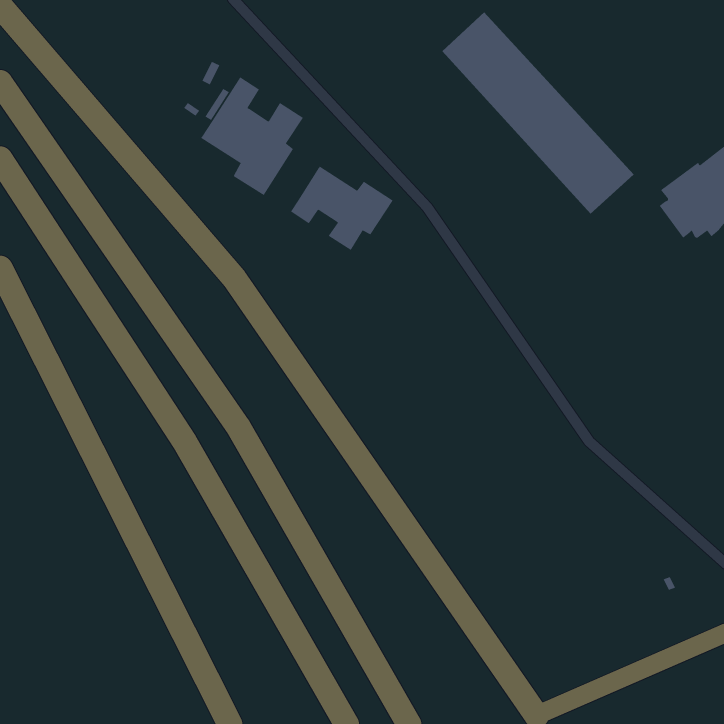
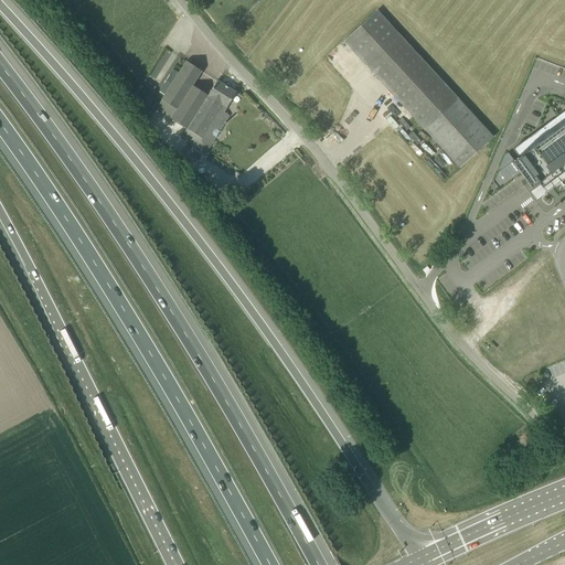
building: [290,165,393,251] -> none

